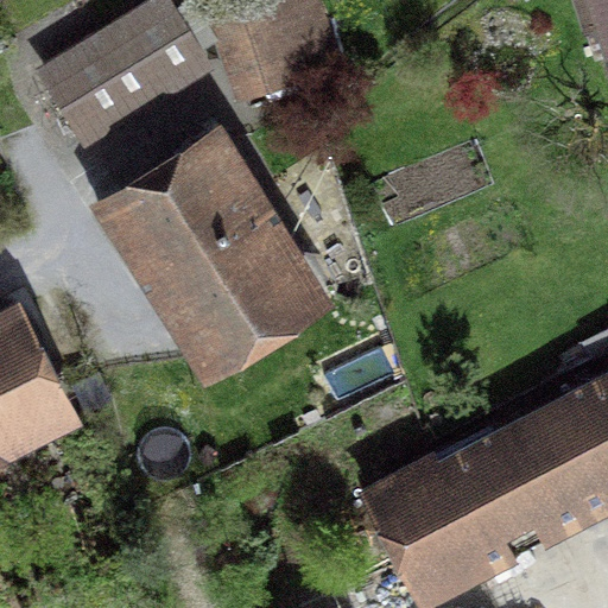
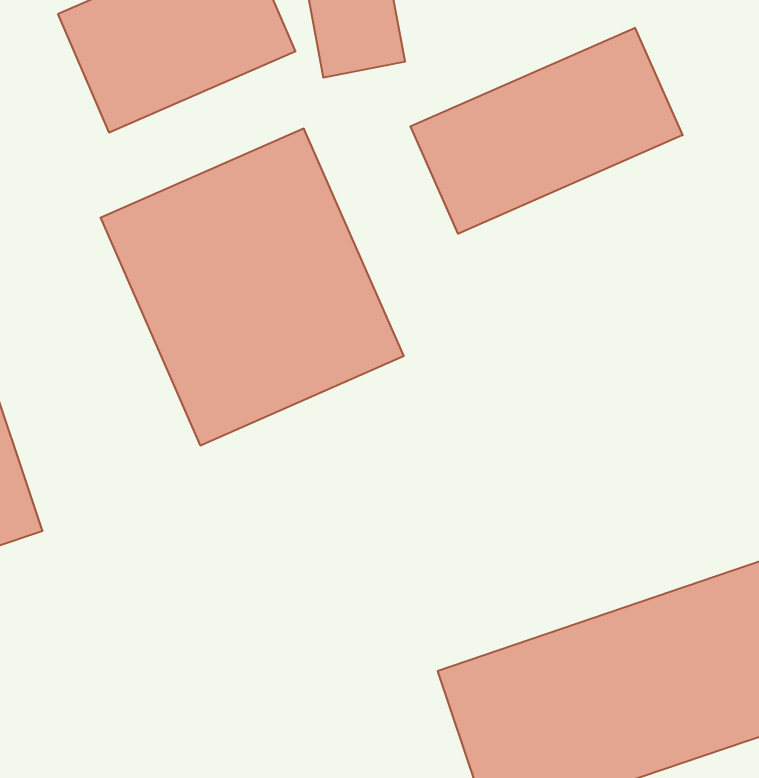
building: none -> [410,28,683,234]

